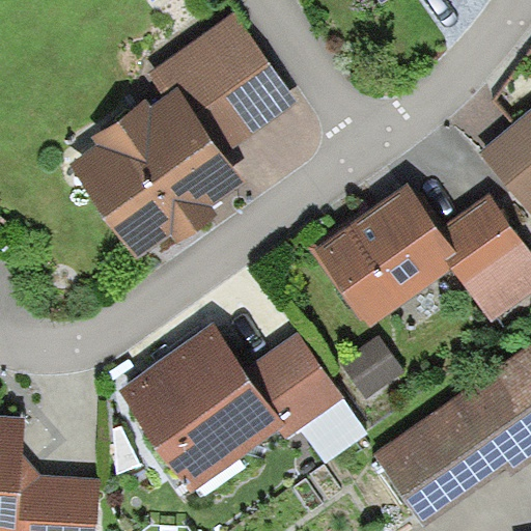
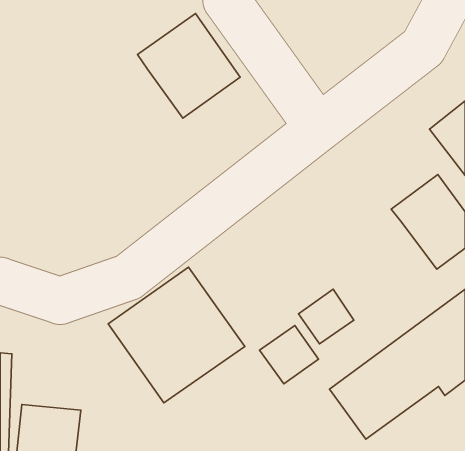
building: [75,94,224,242] -> none
building: [331,208,456,327] -> none
building: [248,333,336,422] -> none

